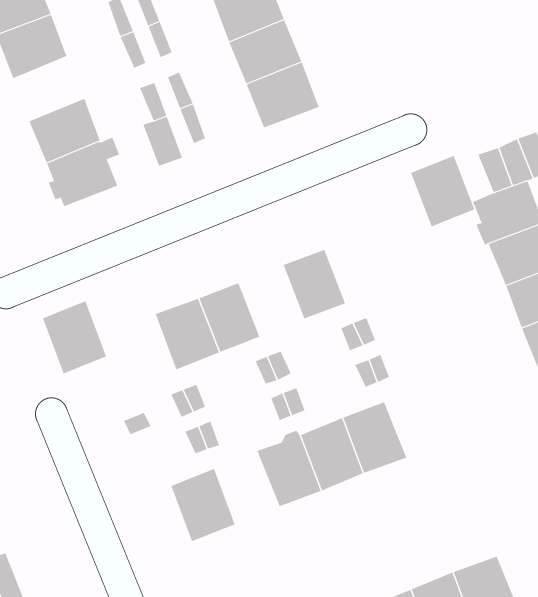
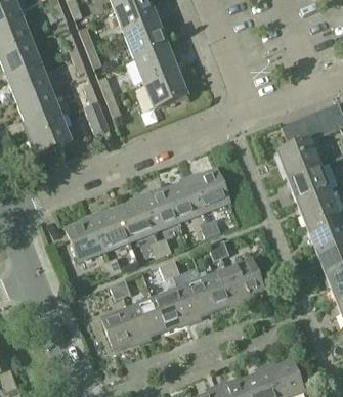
building: none -> [9,67,51,104]
building: [410,155,475,227] -> [191,169,229,211]
building: none -> [141,188,179,230]
building: [42,300,107,374] -> [67,217,104,260]
building: none -> [226,258,264,301]
building: none -> [127,297,165,340]

